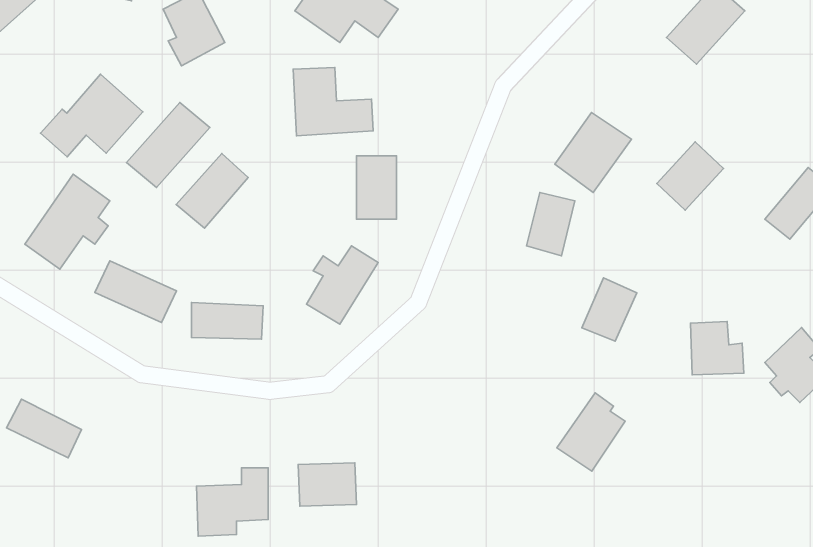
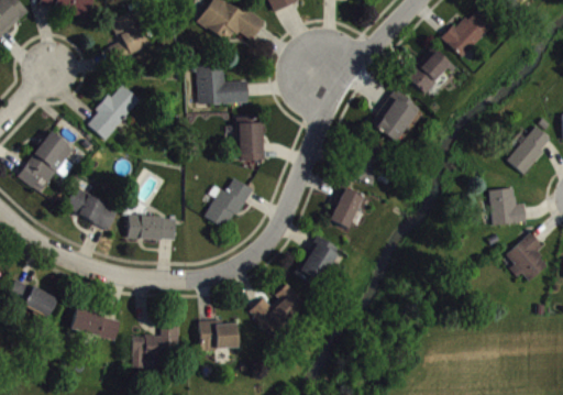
building: [40,74,143,157] -> none
building: [657,142,723,210] -> [405,47,449,92]
building: [176,153,248,228] -> none
building: [582,278,637,341] -> [327,186,363,228]
building: [690,321,744,375] -> [490,188,526,223]
building: [557,393,625,471] -> [291,235,336,287]
building: none -> [249,285,305,336]
building: none -> [69,307,120,339]

